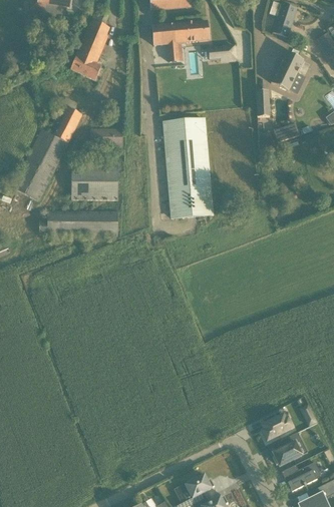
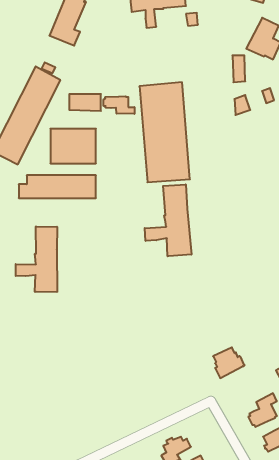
building: none -> [104,96,134,114]
building: none -> [145,184,191,256]
building: none -> [16,226,57,292]
building: [261,410,293,441] -> [213,347,245,378]

